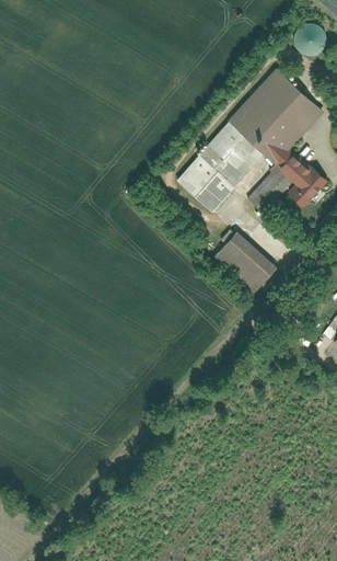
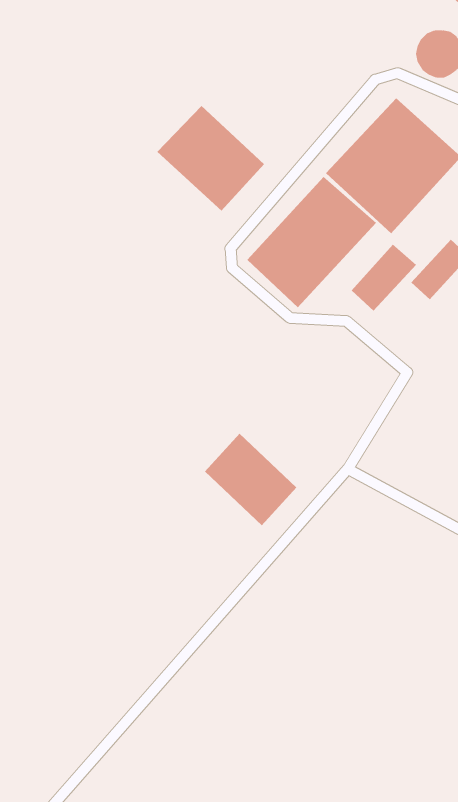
building: none -> [157,105,265,212]
building: [280,152,312,183] -> none
building: [213,230,277,294] -> [204,433,297,526]

